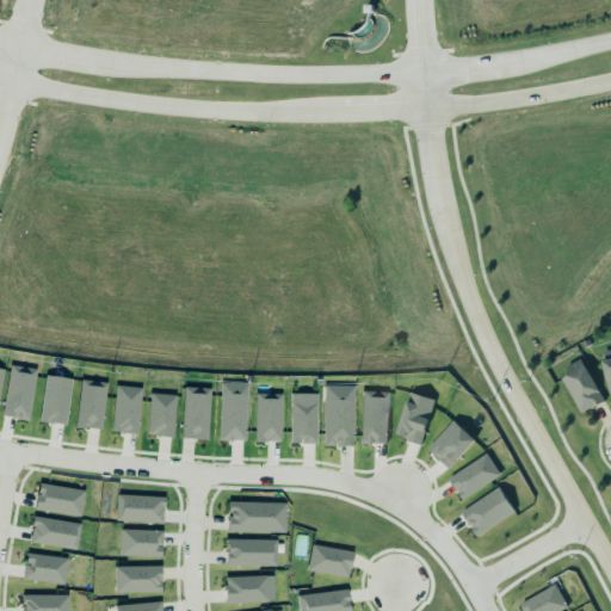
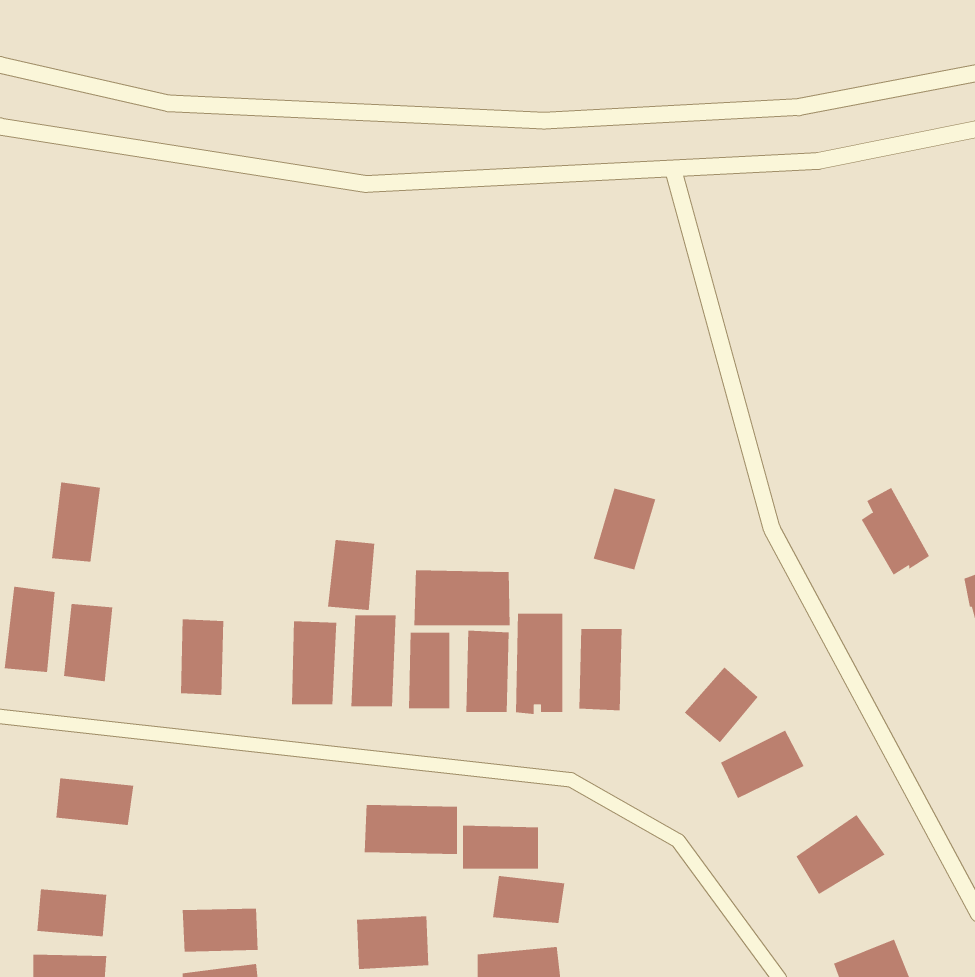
building: none -> [414,569,510,626]
building: [562,358,605,413] -> [861,487,930,575]
building: [78,381,109,431] -> [51,482,101,562]
building: [397,393,437,444] -> [593,488,656,570]
building: [148,394,178,438] -> [327,540,375,611]
building: [462,483,518,533] -> [795,814,885,895]
building: [116,494,166,523] -> none
building: [32,518,82,549] -> none
building: [121,529,162,556] -> none
building: [227,537,274,564] -> [462,825,539,869]

